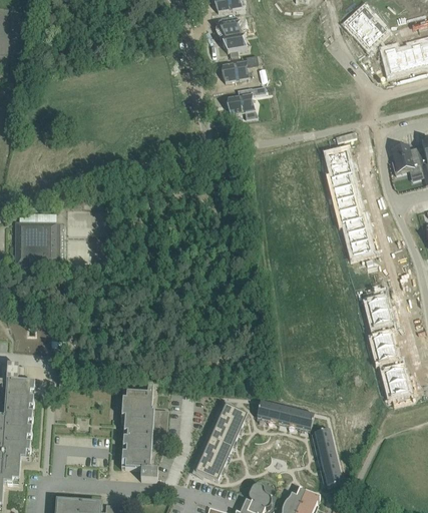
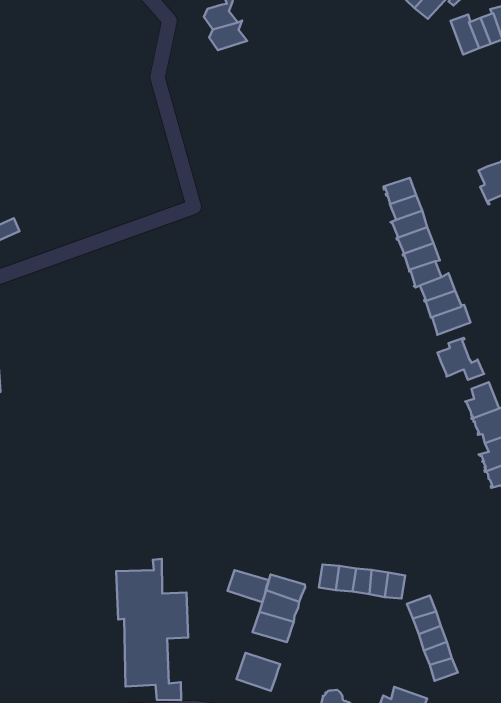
building: [224,60,256,81] -> none
building: [227,89,264,111] -> none
building: none -> [437,338,484,380]
building: [202,440,231,463] -> [228,570,269,602]

